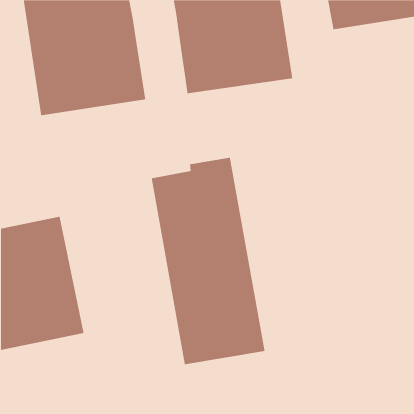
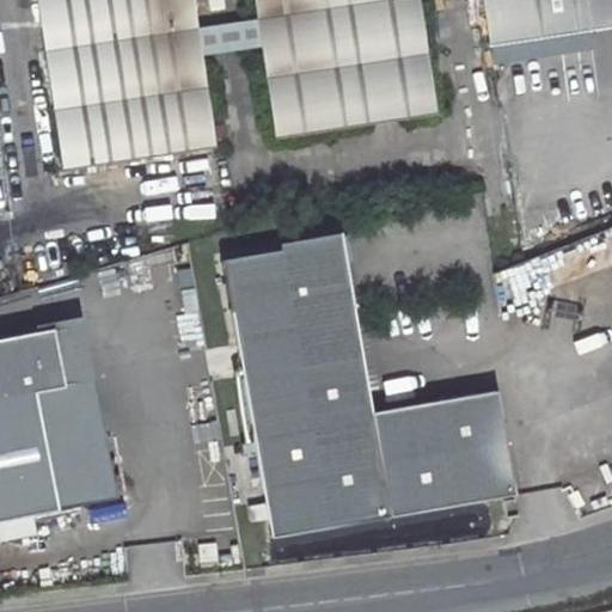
building: none -> [198,22,263,56]
building: none -> [373,390,518,518]

